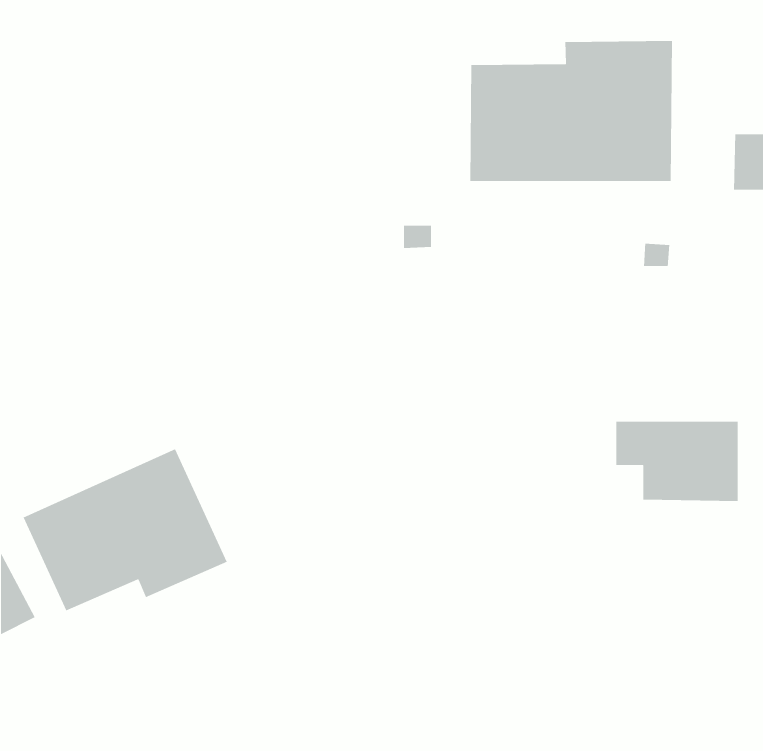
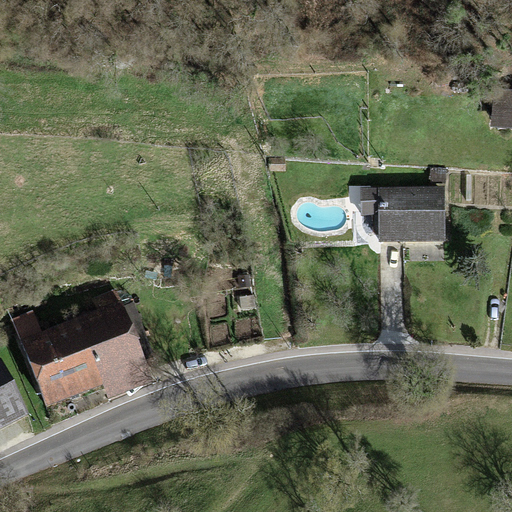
building: [470,40,673,182] -> none
building: [616,421,739,502] -> [362,185,444,239]

